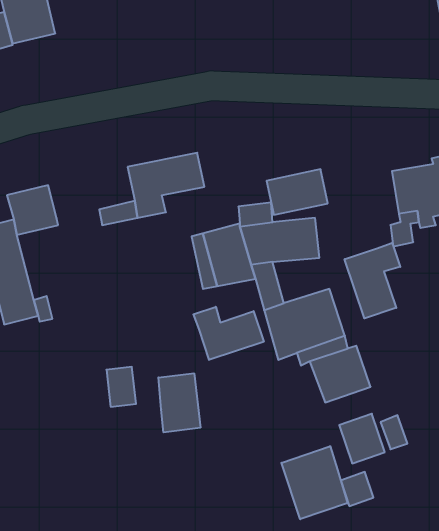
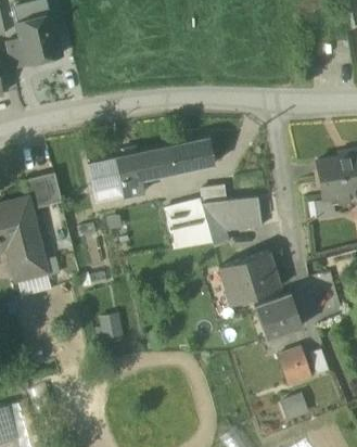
building: none -> [89,157,122,190]
building: [267,169,328,215] -> [169,138,216,173]
building: [345,243,400,318] -> none
building: [193,307,264,360] -> none
building: [158,373,200,432] -> none
building: [281,446,347,519] -> none

